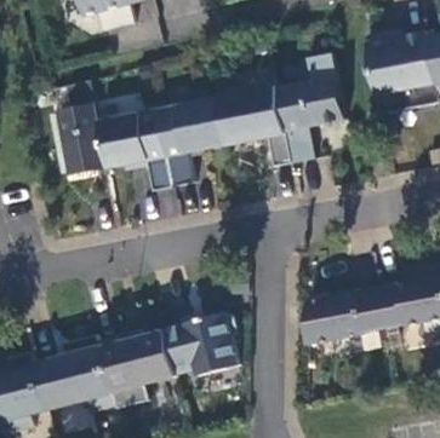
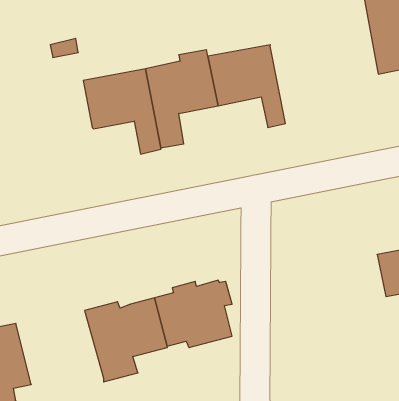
building: [275,54,343,162] -> none
building: [58,104,105,172] -> none
building: [305,287,385,342] -> none
building: [35,334,116,411] -> none

